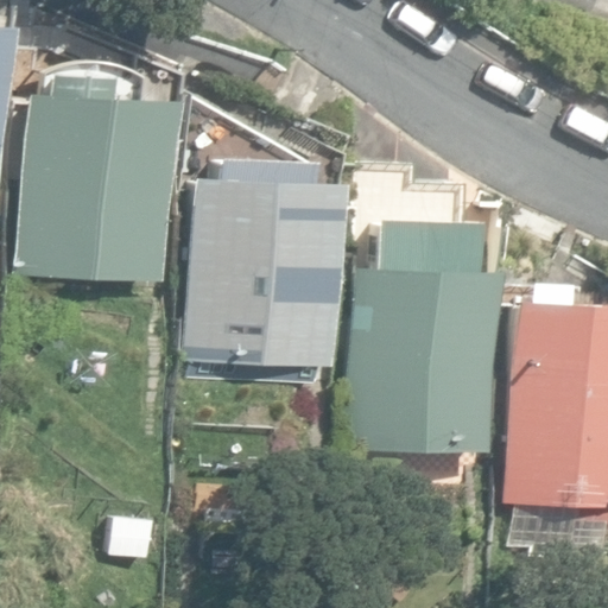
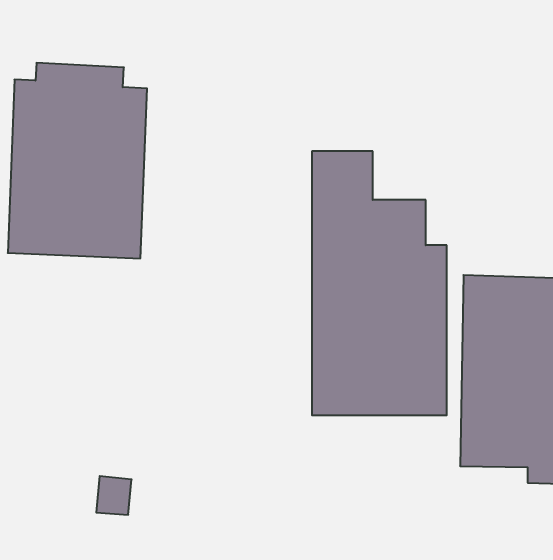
building: [188,158,336,366] -> none

